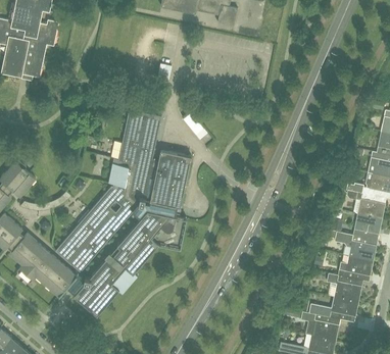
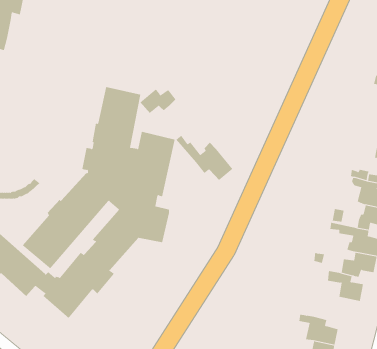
building: none -> [140,88,176,114]
building: none -> [176,135,233,181]
building: [307,297,355,320] -> none

